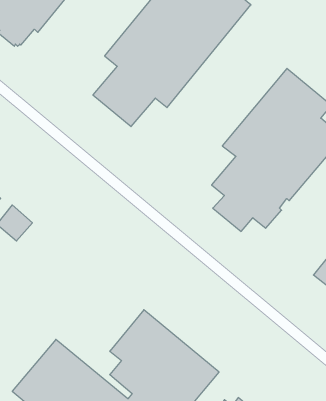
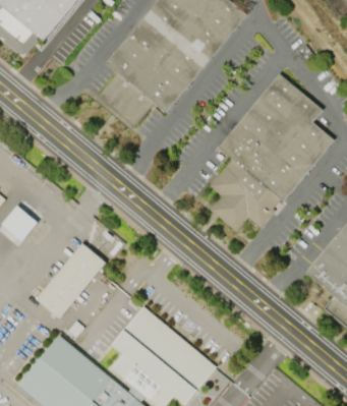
building: none -> [39,242,109,318]

